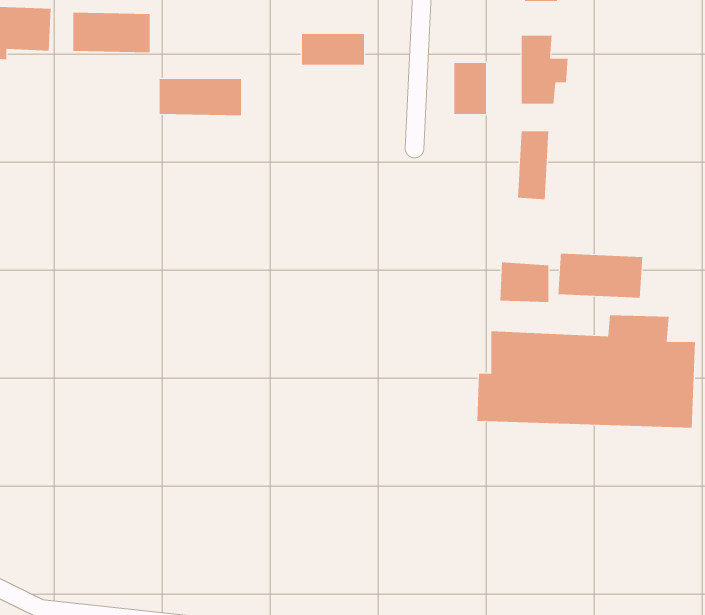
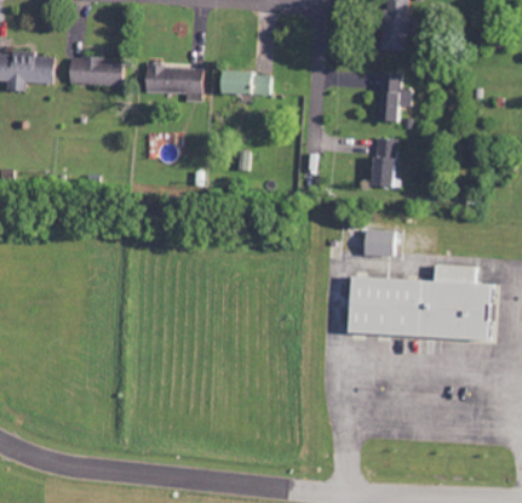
building: [454,62,486,115] -> none
building: [159,79,242,116] -> [145,67,202,92]
building: [558,253,643,298] -> none

